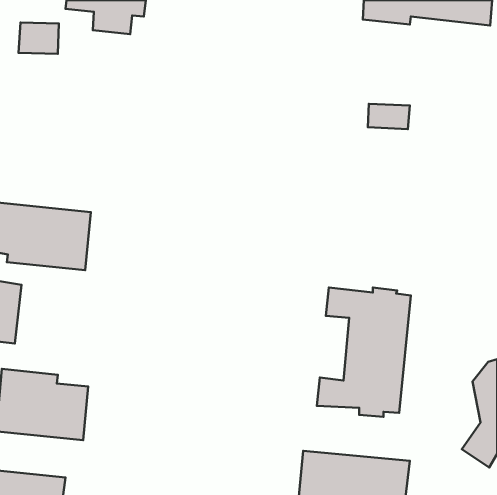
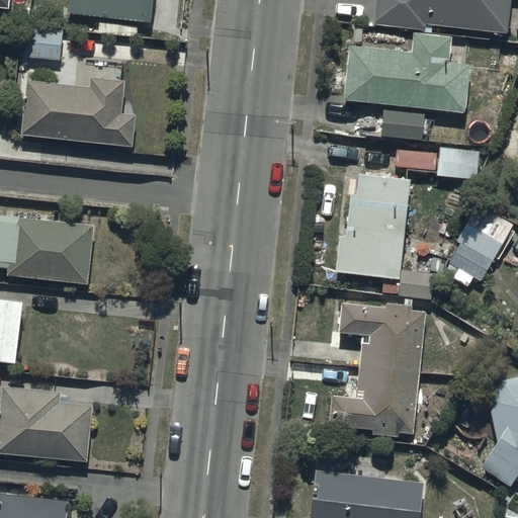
building: none -> [343,31,469,111]
building: none -> [20,77,135,145]
building: none -> [433,148,483,182]
building: none -> [336,172,432,298]
building: none -> [446,205,510,282]

